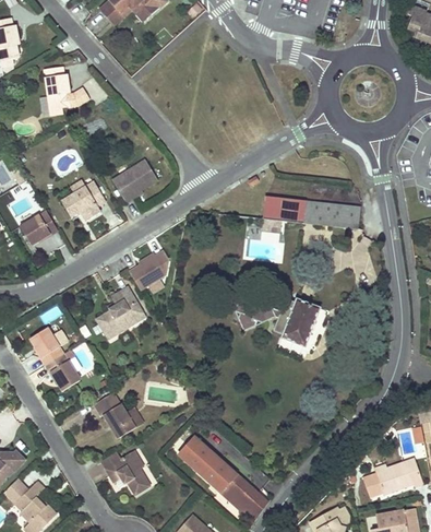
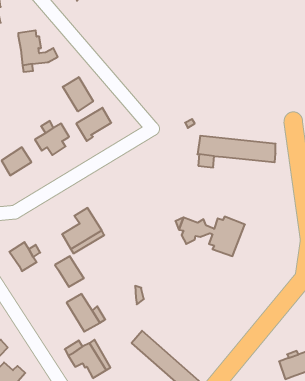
building: none -> [63,77,93,111]
building: [127,250,168,291] -> none
building: [44,353,80,391] -> [55,256,84,287]

